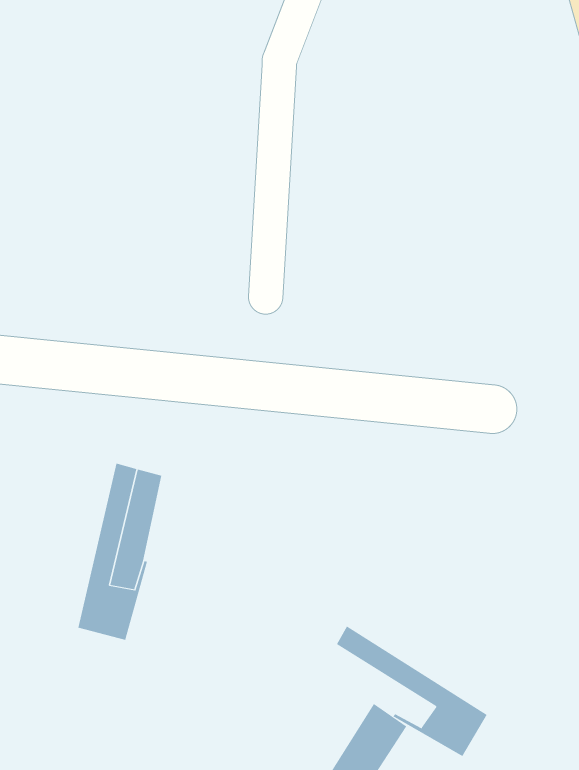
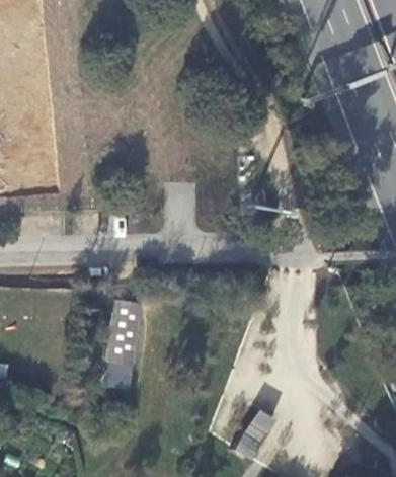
building: [336,626,487,757] -> none

